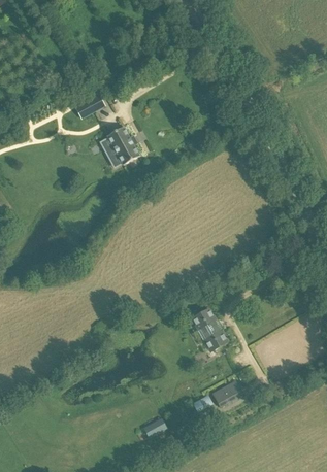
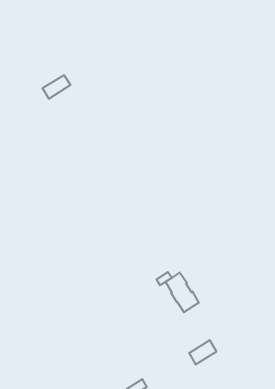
building: [106,126,138,164] -> none

